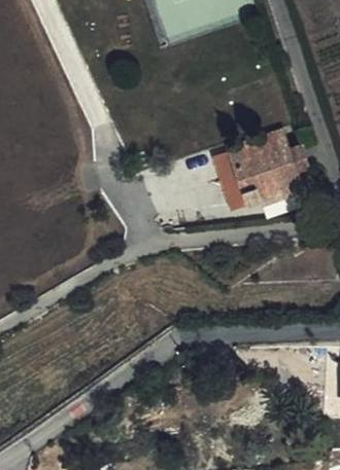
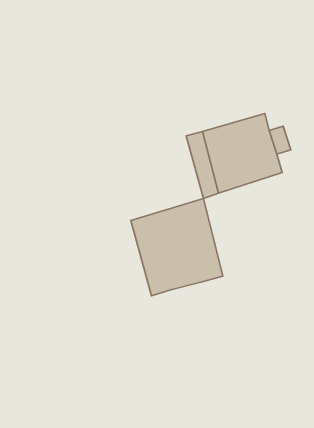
building: none -> [131,198,223,296]

